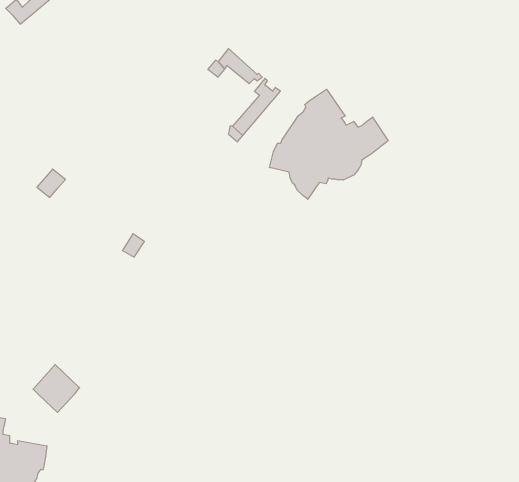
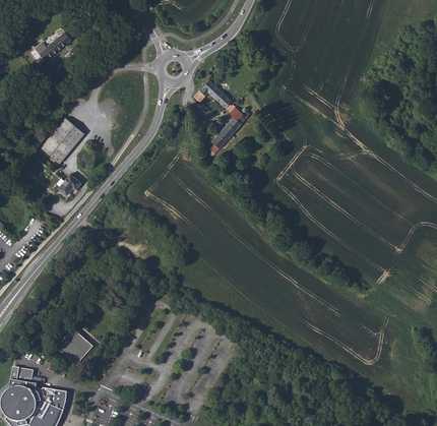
building: [269,89,388,199] -> none
building: none -> [41,118,83,162]

